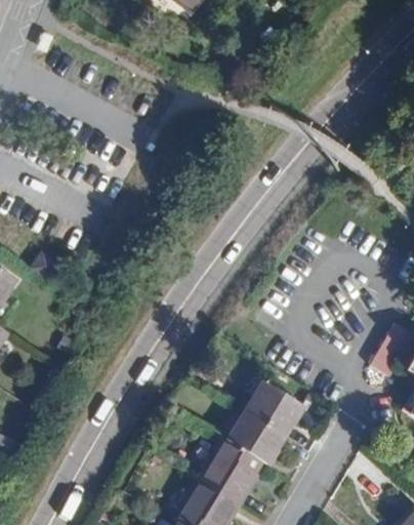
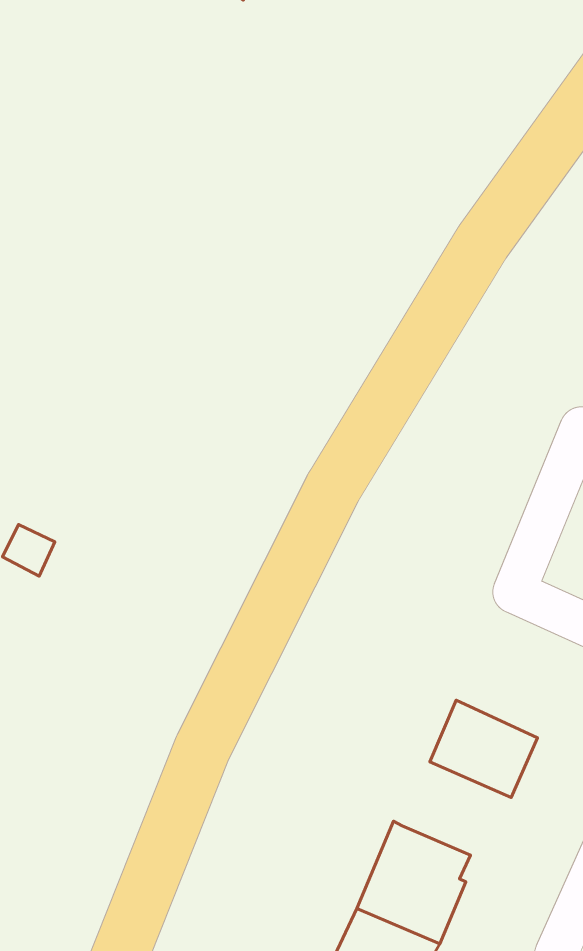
building: [225,417,283,472] -> none

